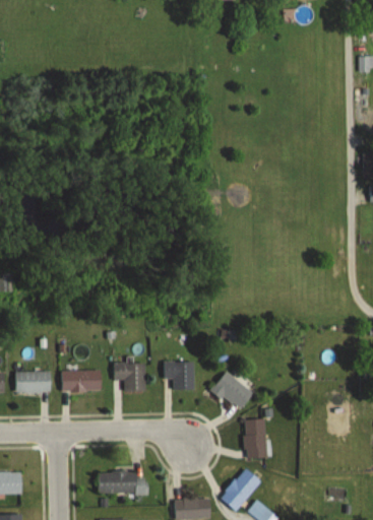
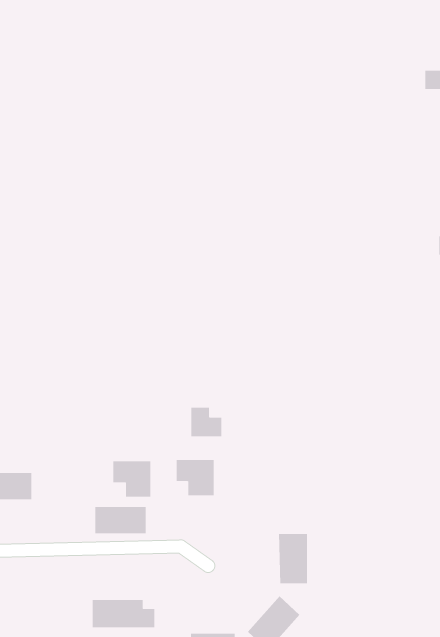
building: none -> [191,407,222,437]
building: [61,371,102,392] -> [95,507,146,534]
building: [211,372,254,411] -> none

